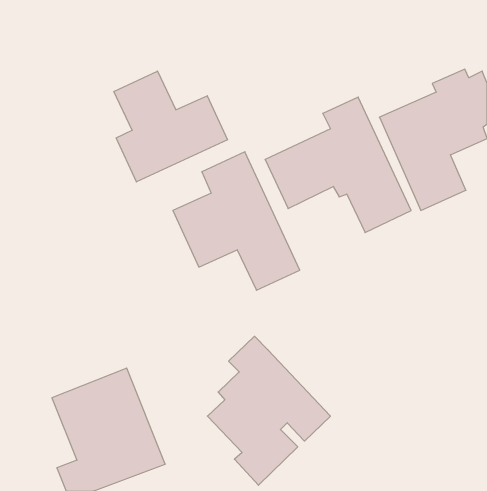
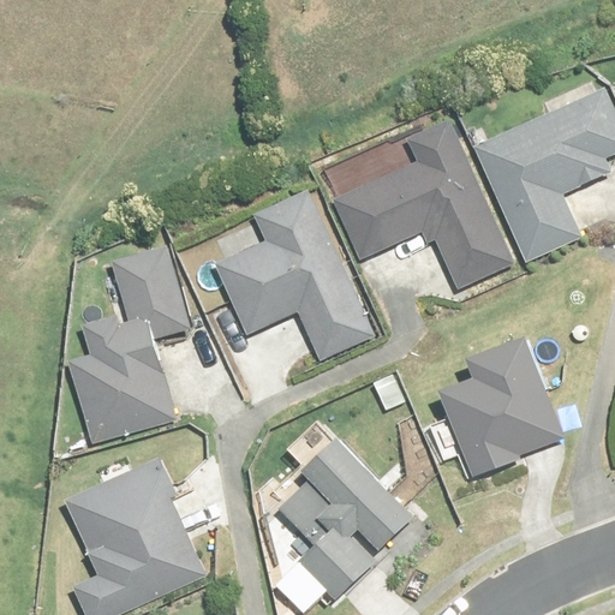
building: [114,71,228,182] -> none
building: none -> [67,246,191,442]
building: none -> [430,328,572,484]

